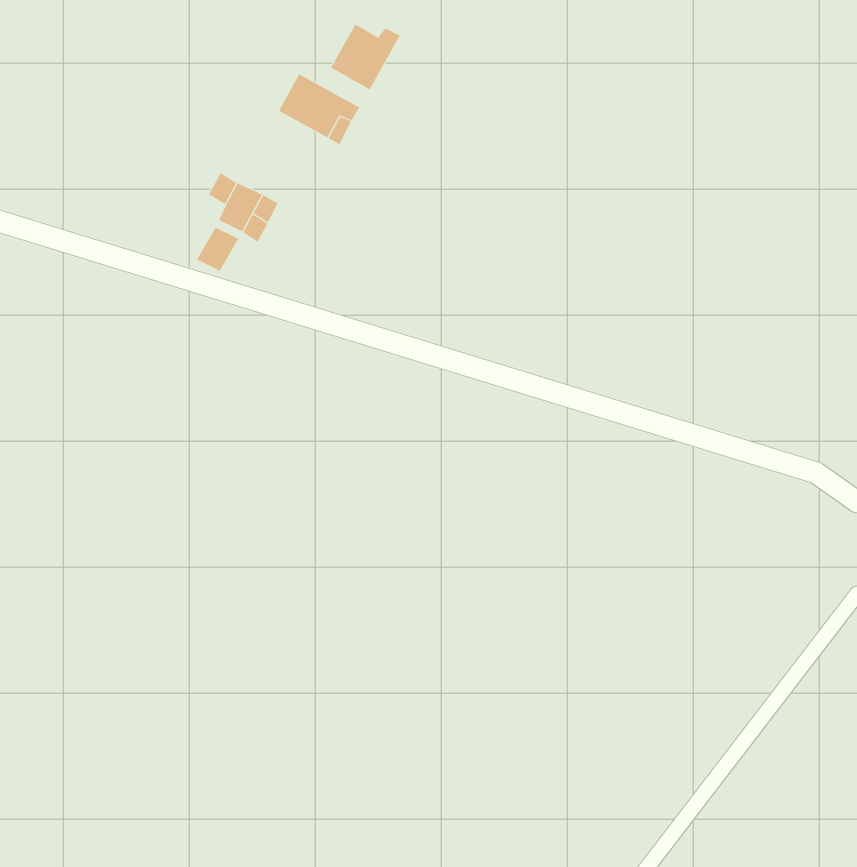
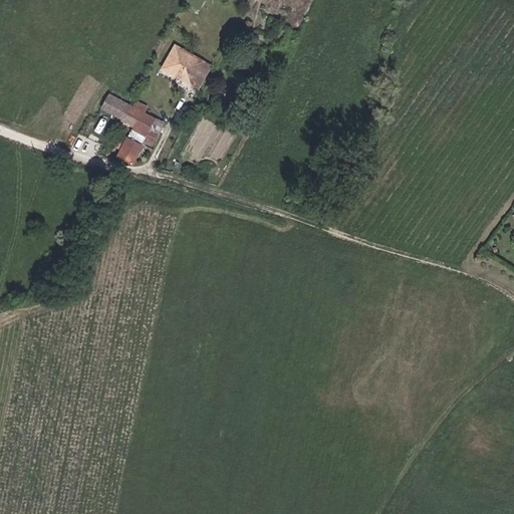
building: [330,24,400,90] -> none
building: none -> [99,93,130,117]

